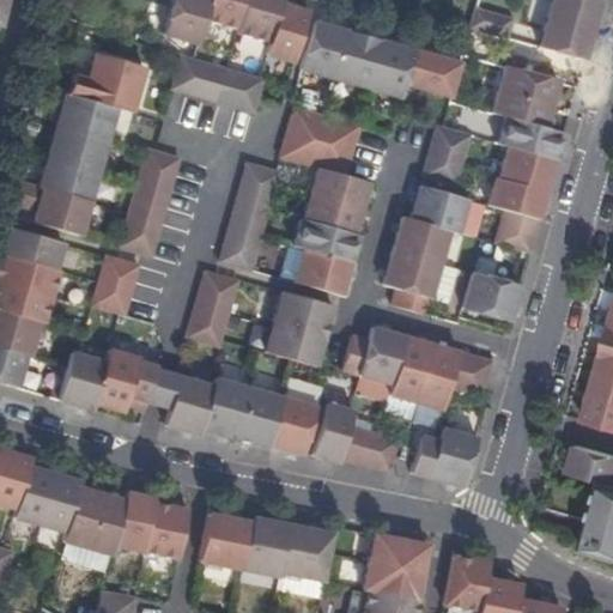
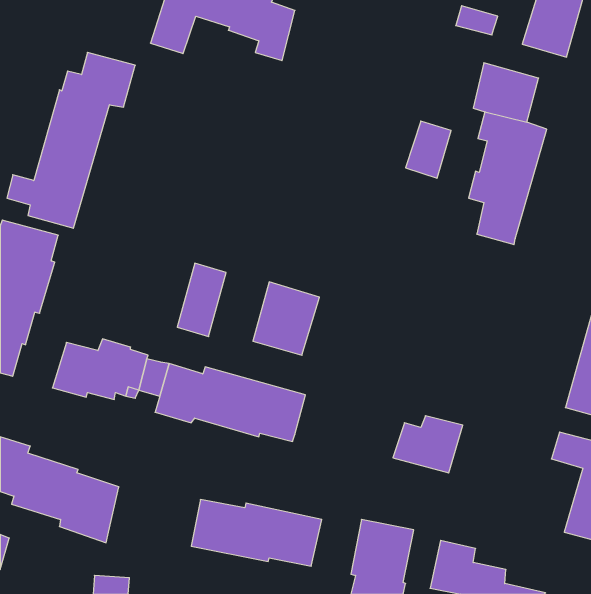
building: [302,19,463,97] -> none
building: [174,55,263,111] -> none
building: [278,108,368,293] -> none
building: [119,148,178,254] -> none
building: [219,162,278,269] -> none
building: [382,184,467,314] -> none
building: [93,255,139,314] -> none
building: [461,271,522,321] -> none
building: [341,326,490,408] -> none
building: [314,402,397,472] -> none
building: [116,492,192,560] -> none

